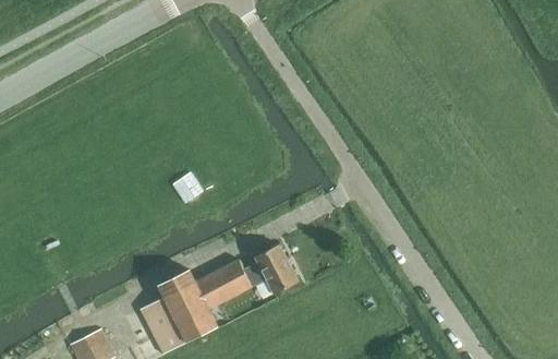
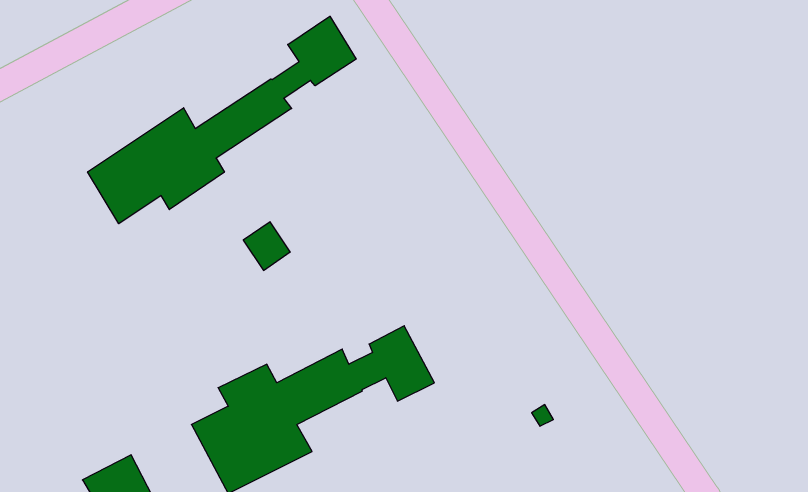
building: none -> [88,16,356,224]

